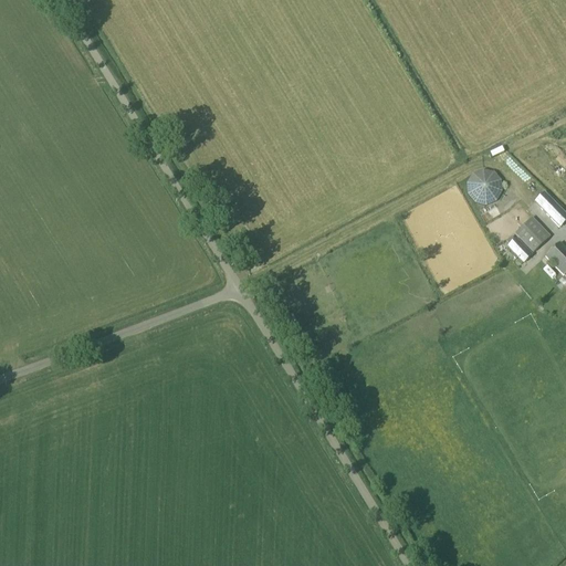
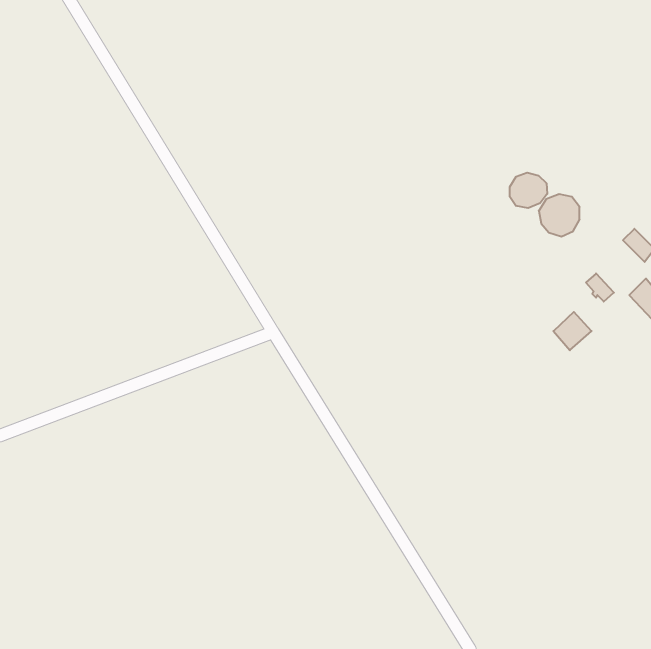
building: none -> [510,173,547,208]
building: [516,218,549,251] -> [553,312,592,350]

